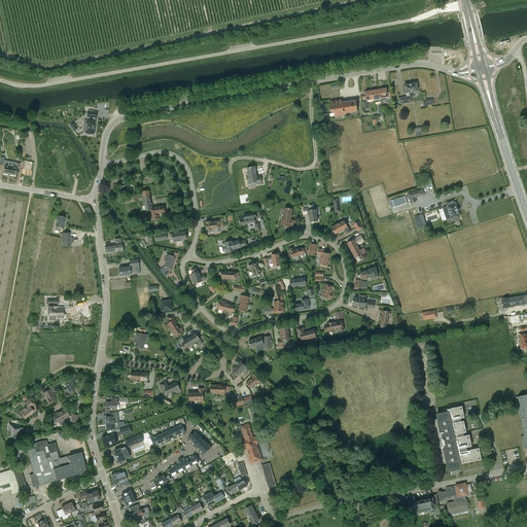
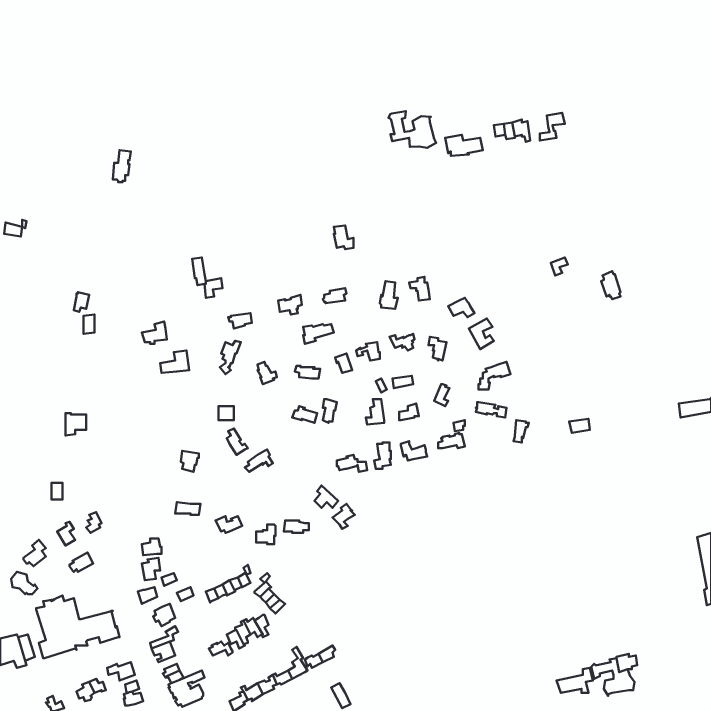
building: none -> [388,111,436,148]
building: [432,407,481,471] -> none
building: [236,424,261,463] -> none

